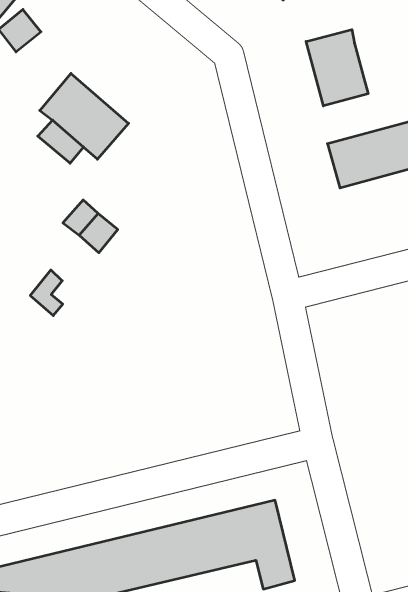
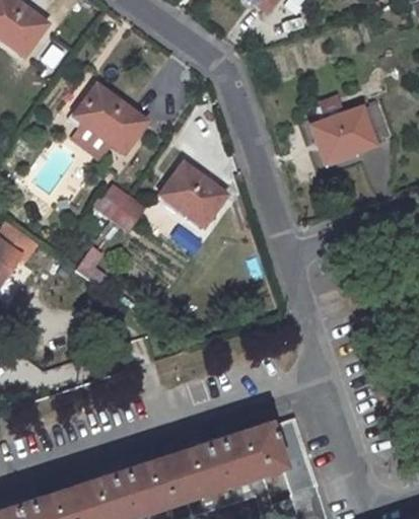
building: [306,30,368,106] -> none
building: none -> [159,160,224,224]

